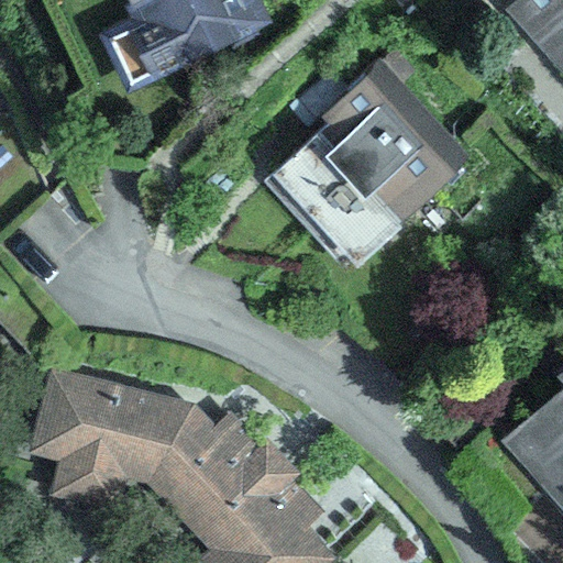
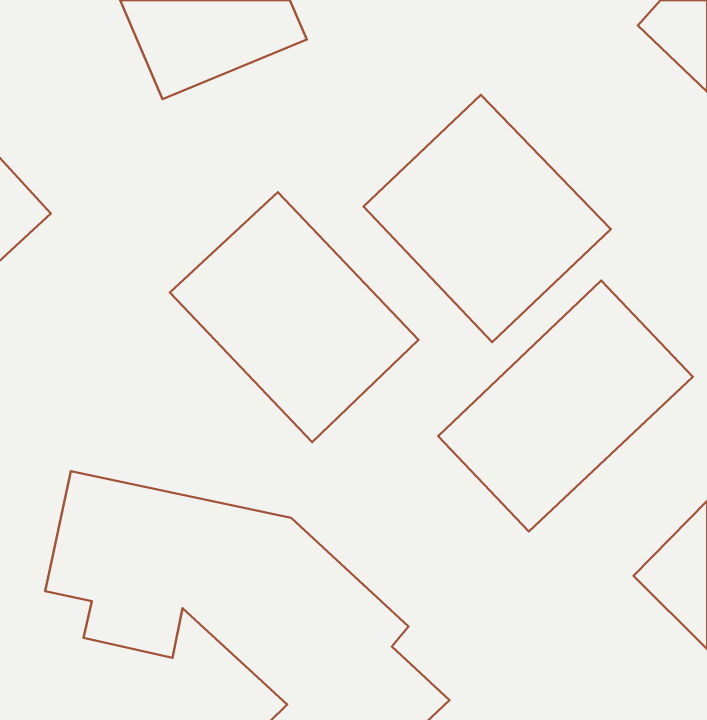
building: none -> [170,192,418,442]
building: none -> [438,280,693,531]

